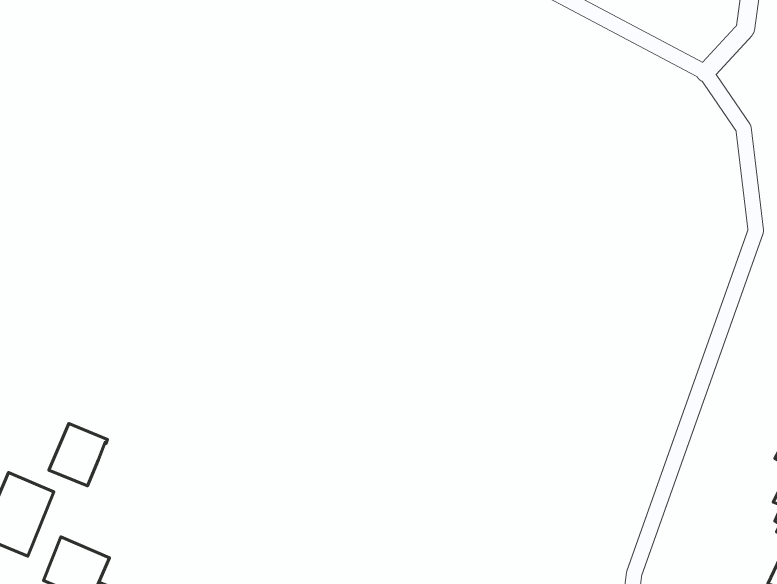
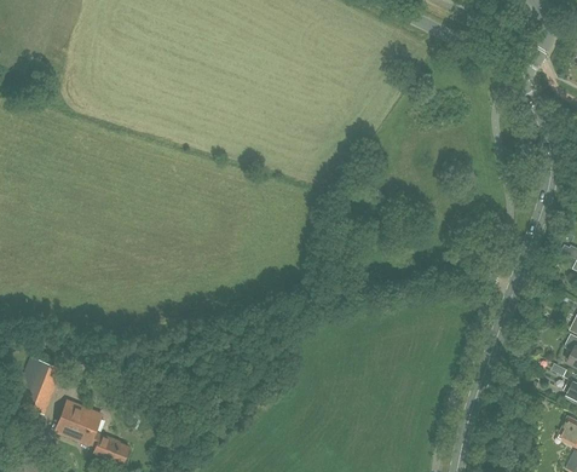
building: [49,424,108,486] -> none

